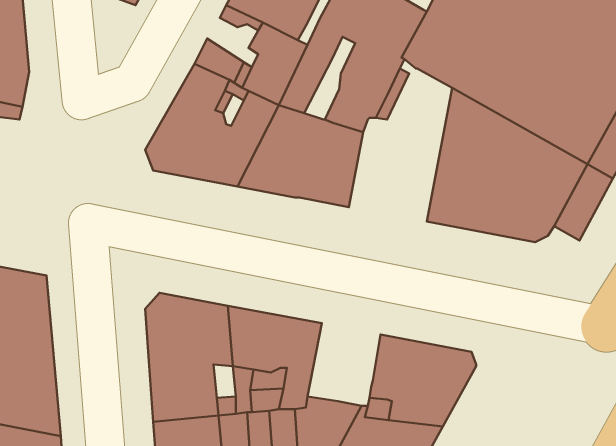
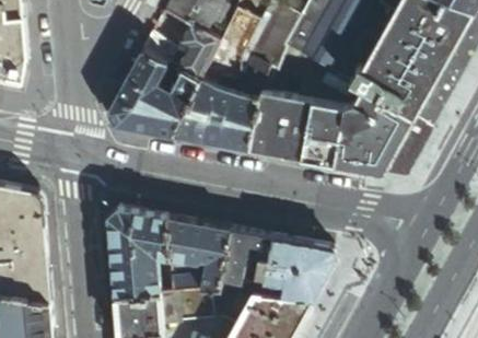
building: none -> [248,54,319,159]
building: none -> [220,229,270,282]

